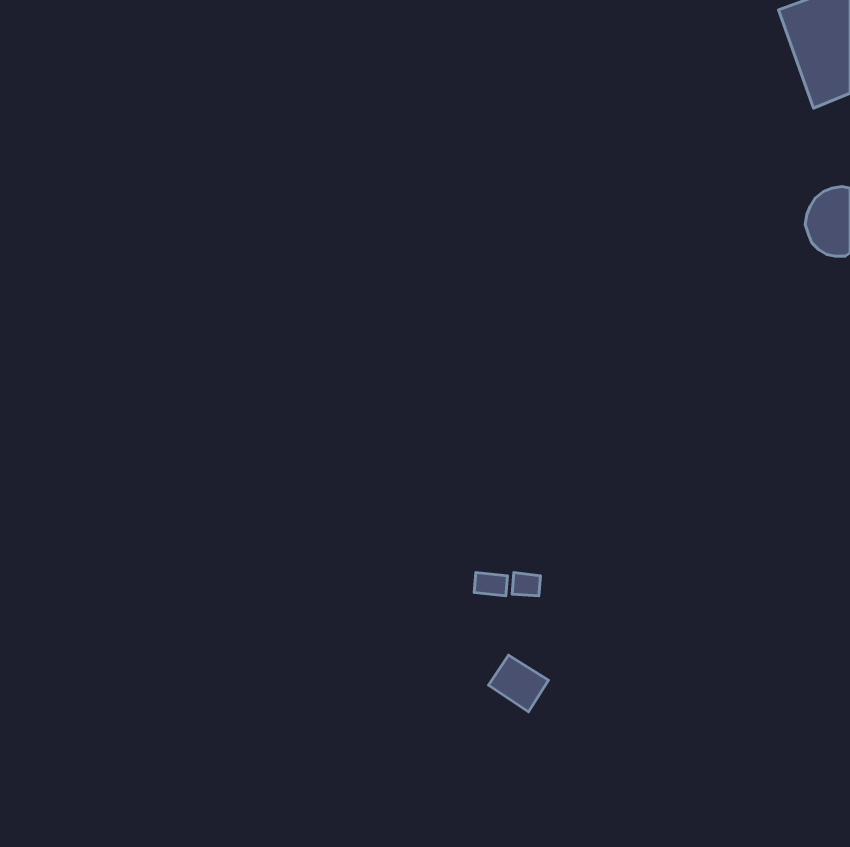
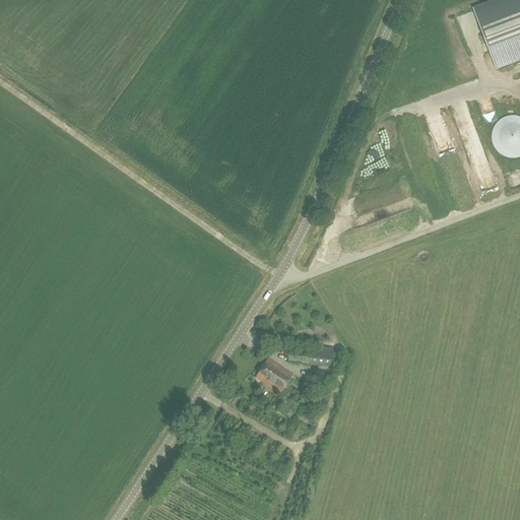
building: [489,655,548,712] -> [256,359,292,393]

